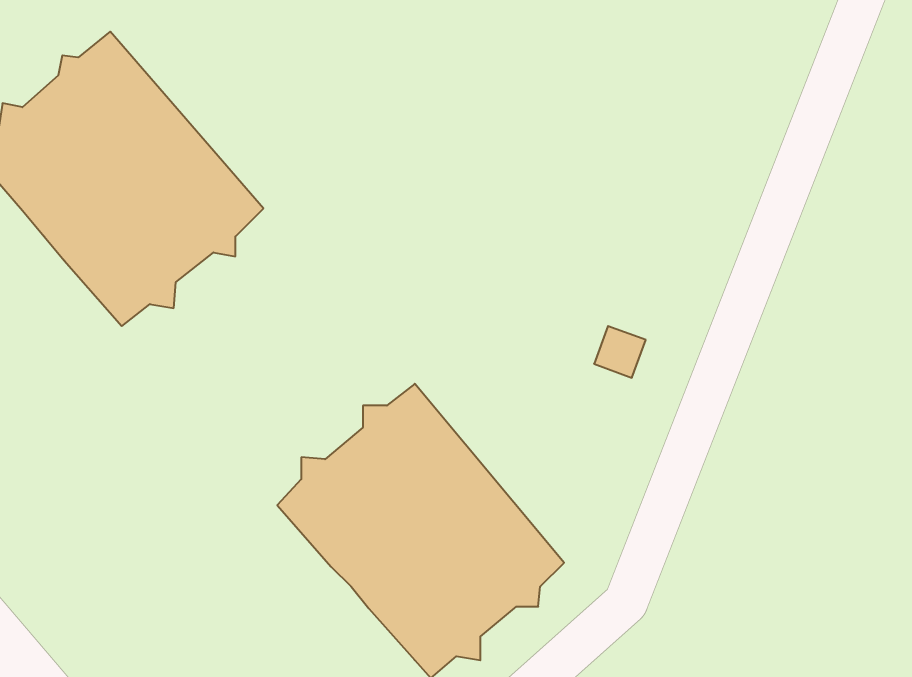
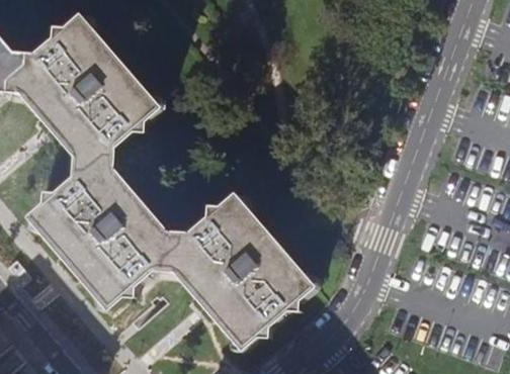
building: none -> [29,155,176,303]

